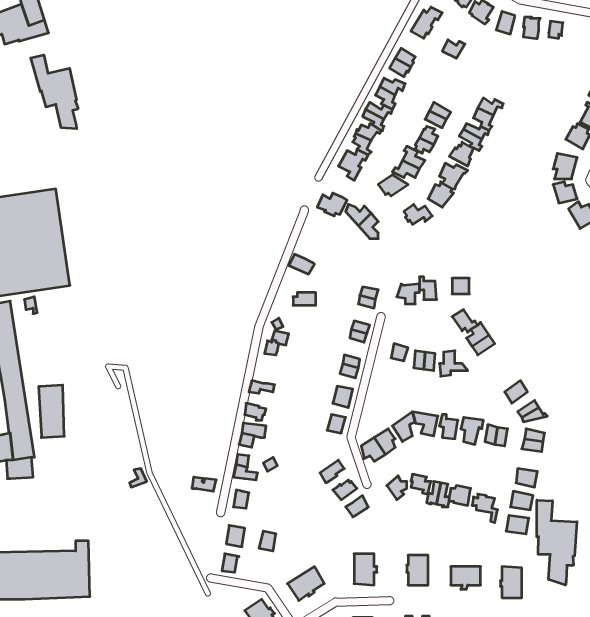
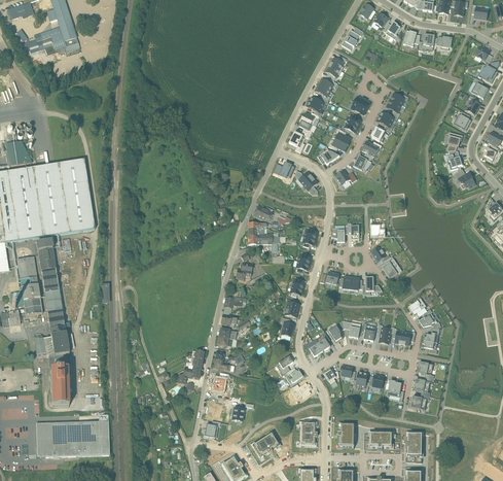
building: [31,55,78,129] -> none
building: [39,385,64,438] -> [49,368,68,406]
building: [537,500,577,585] -> none

